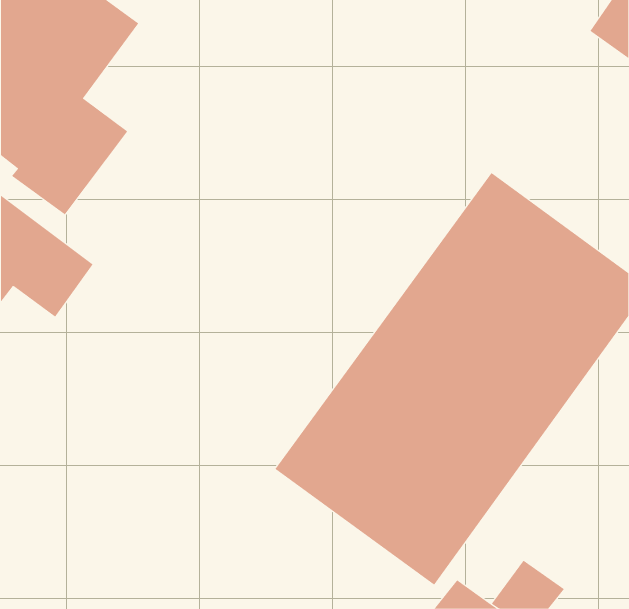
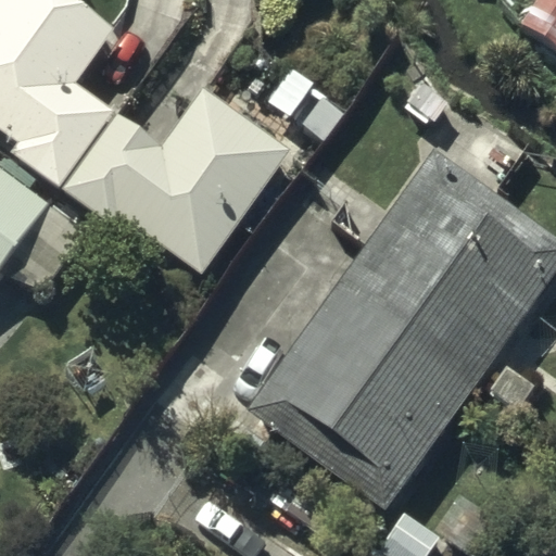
building: none -> [61,93,288,279]

